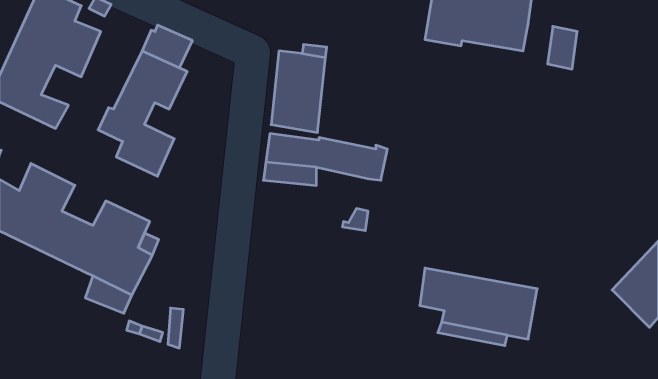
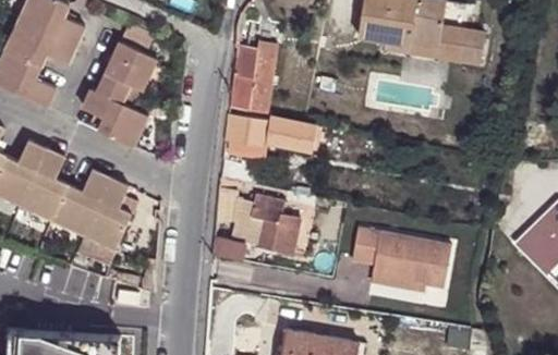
building: none -> [388,22,466,56]
building: none -> [211,191,307,261]

